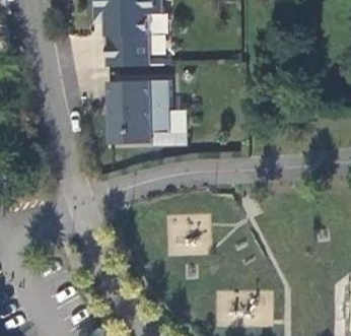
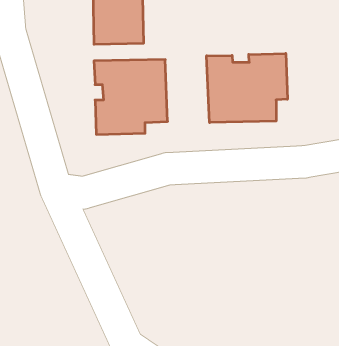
building: none -> [207,53,287,123]

